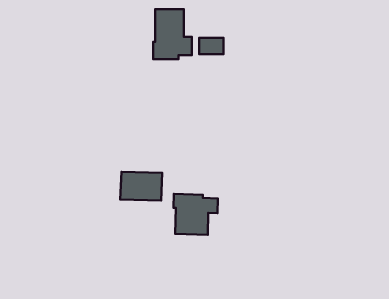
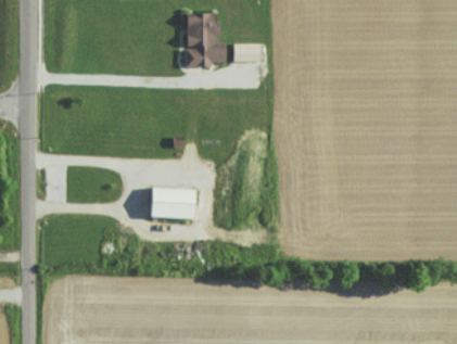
building: [173,194,218,235] -> none

